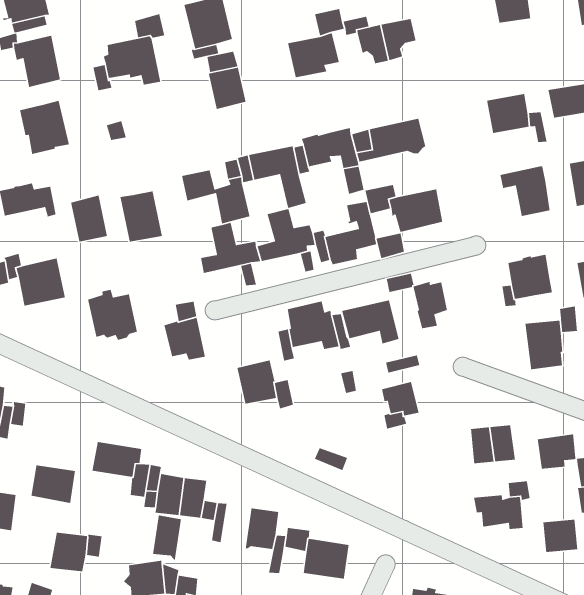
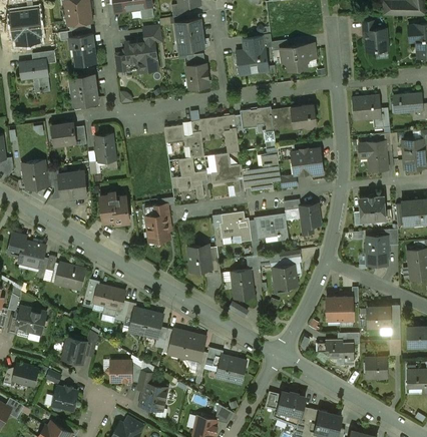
building: [119,191,163,242] -> none
building: none -> [231,270,252,298]
building: [31,464,76,504] -> [55,264,84,290]
building: [152,514,182,561] -> [167,330,187,359]

